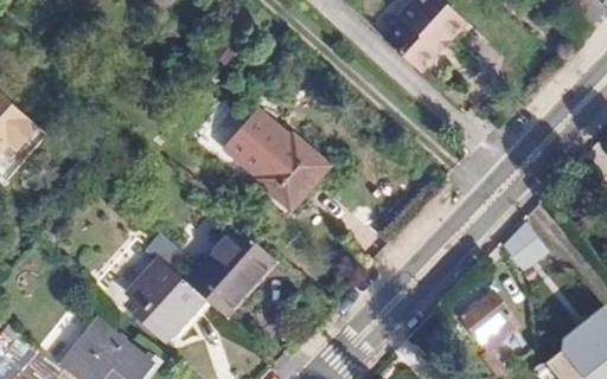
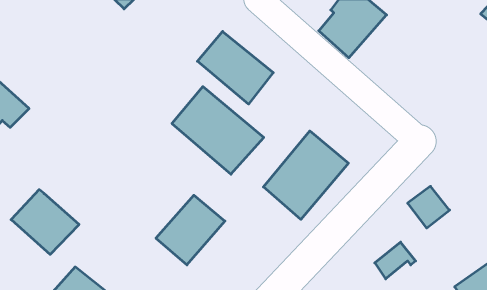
building: none -> [197,31,273,104]
building: none -> [263,131,348,219]
building: [135,262,216,339] -> [11,190,79,254]

